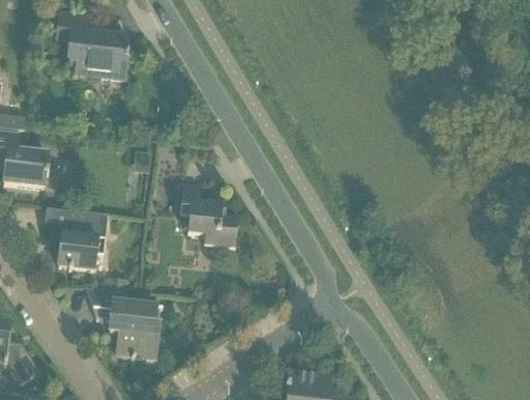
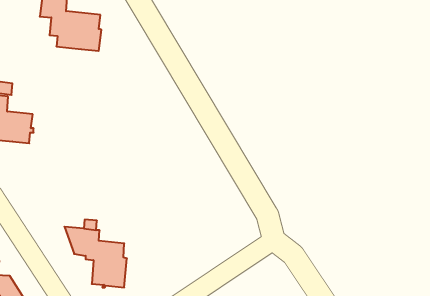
building: [178,187,238,251] -> none
building: [45,208,108,272] -> none

